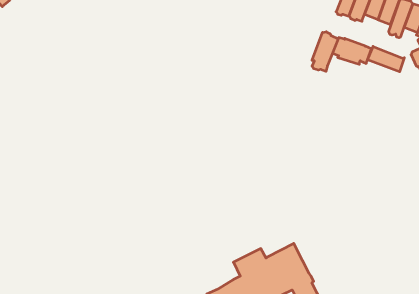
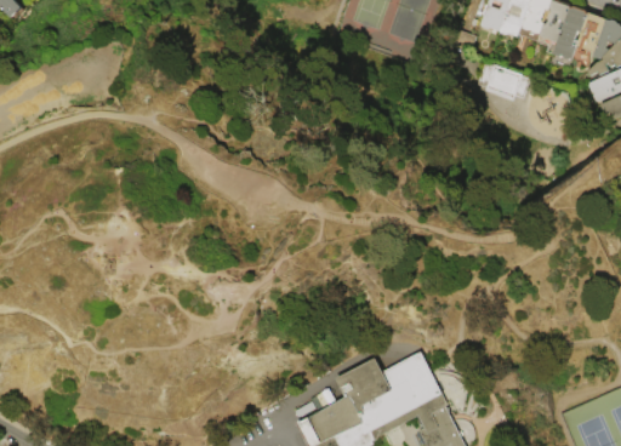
building: [312,32,338,71] -> none
building: [368,46,404,72] -> none

